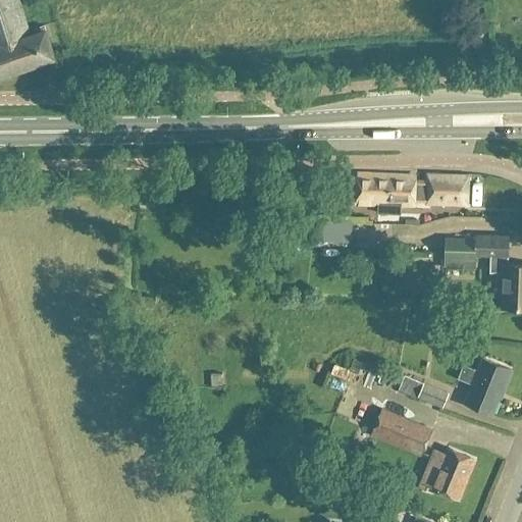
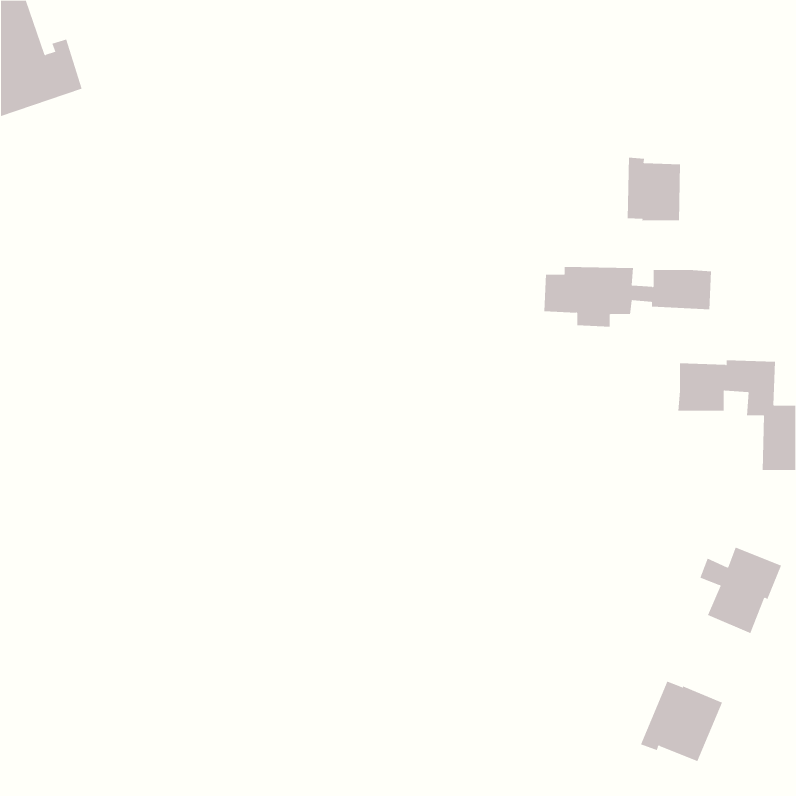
building: none -> [627,157,681,221]
building: [398,375,448,409] -> none
building: [371,410,430,454] -> none

